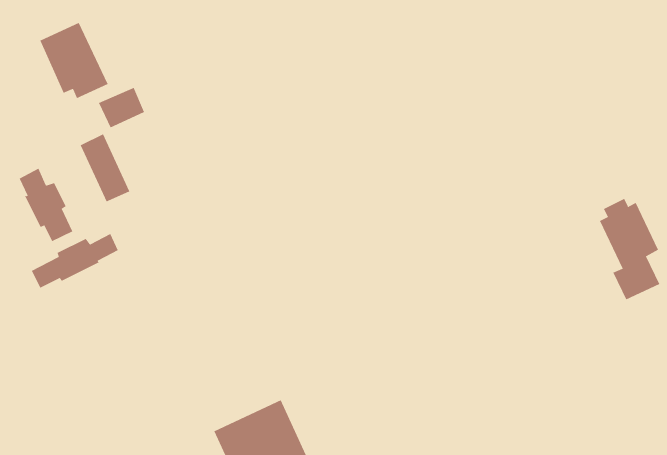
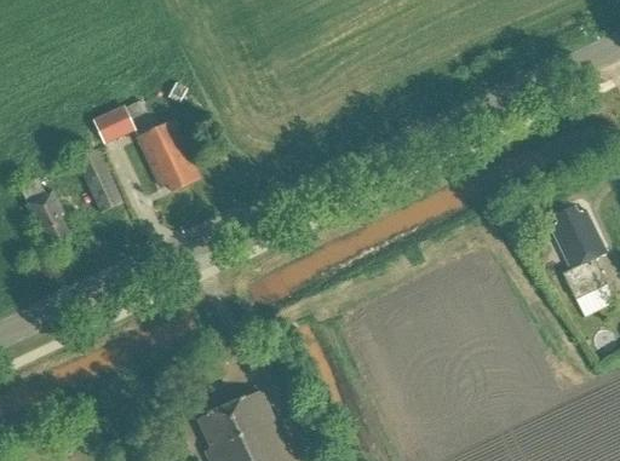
building: [39,22,108,99] -> [137,121,200,191]
building: [31,233,119,288] -> none

